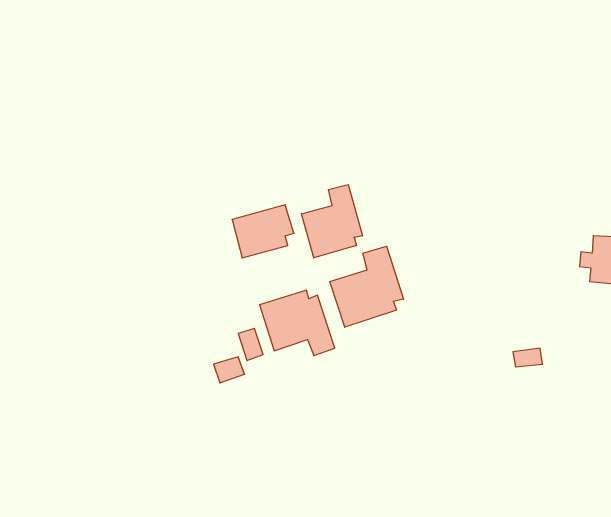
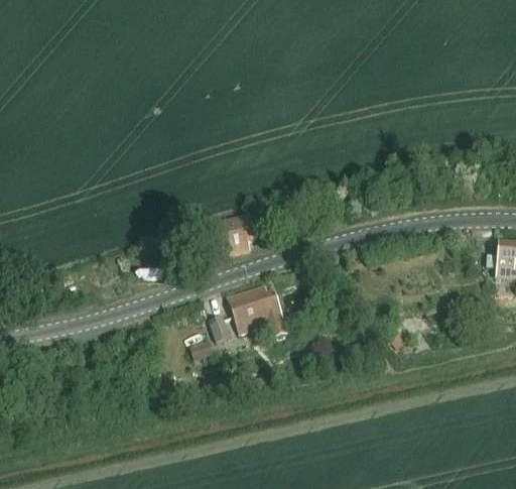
building: [301,185,362,258] -> none
building: [330,246,404,327] -> none

